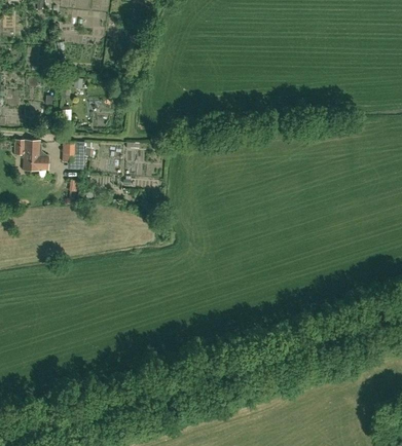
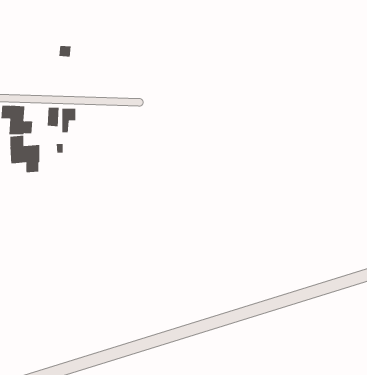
building: none -> [10,135,40,173]

